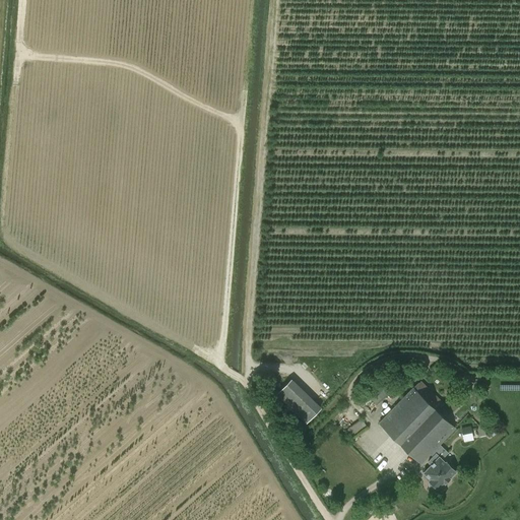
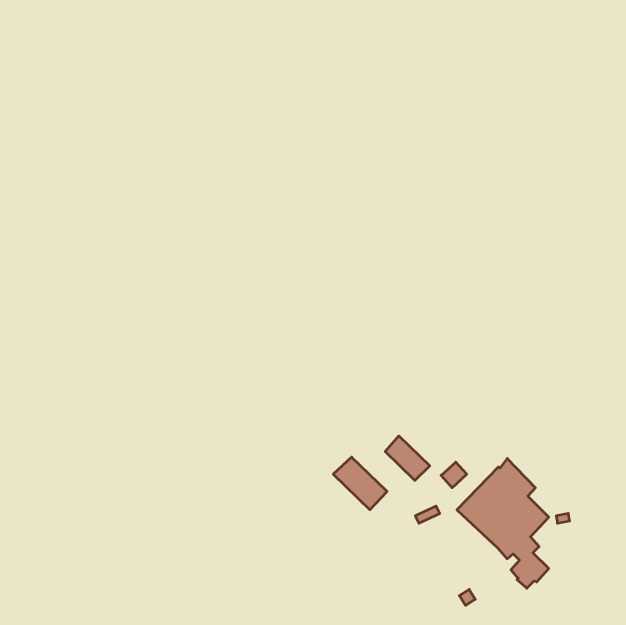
building: none -> [385,436,430,480]

